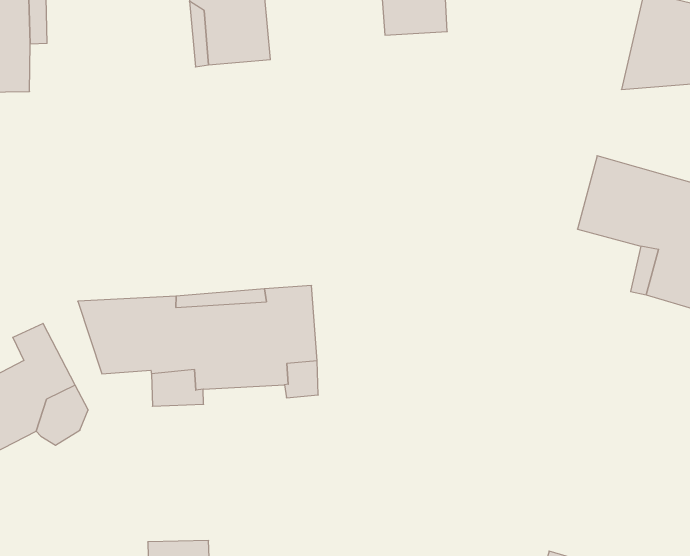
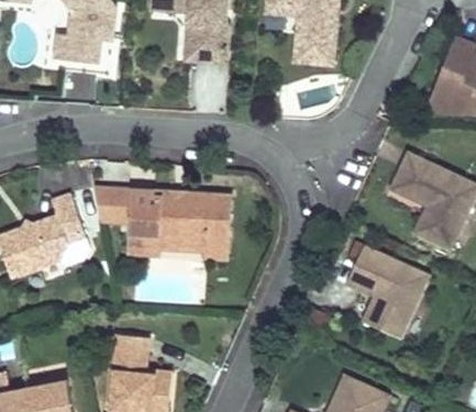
building: none -> [346,245,430,338]

